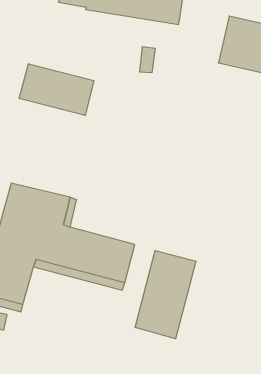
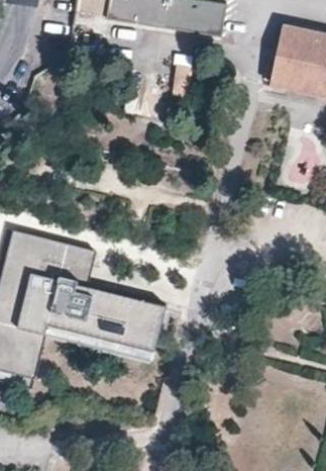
building: [19,64,94,116] -> none
building: [135,251,196,339] -> none

